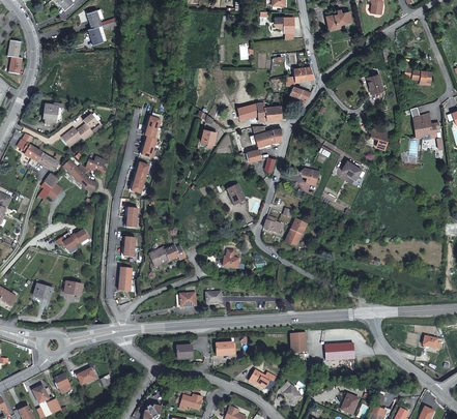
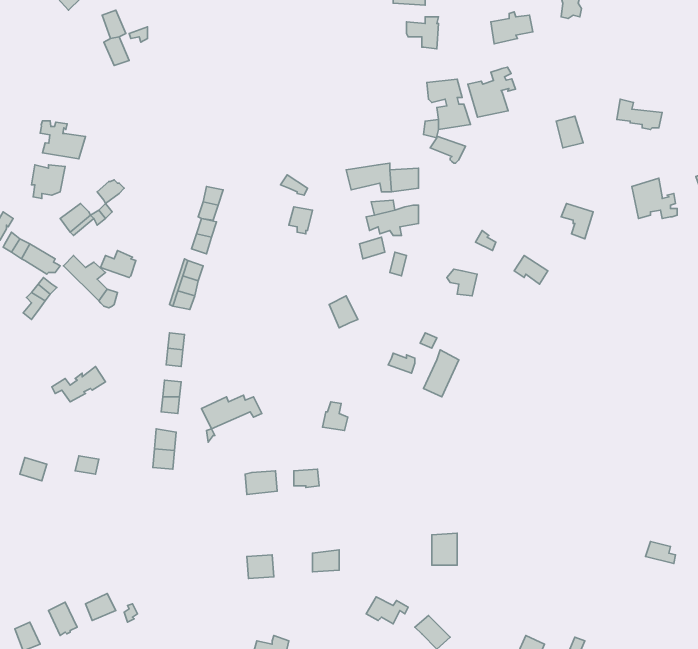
building: none -> [468,67,515,117]
building: none -> [40,121,86,159]
building: [324,342,353,360] -> none

